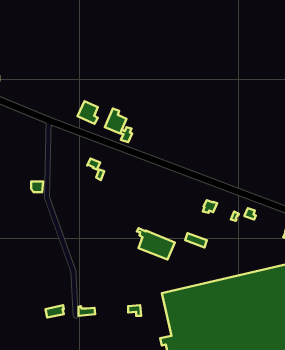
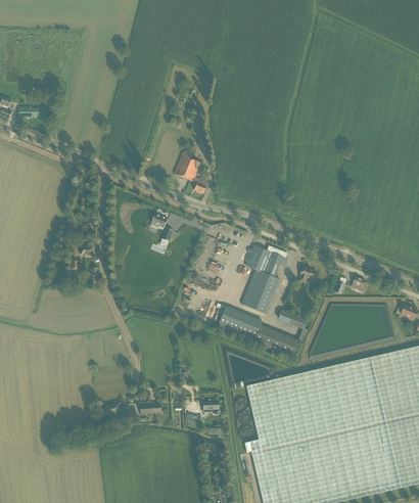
building: [77,101,98,124] -> none
building: none -> [241,245,287,314]

